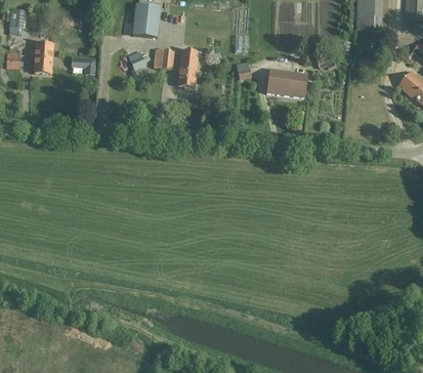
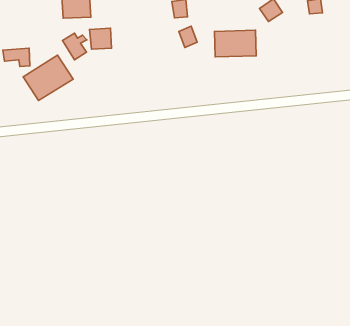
building: [176,56,196,87] -> none
building: none -> [23,55,73,100]

